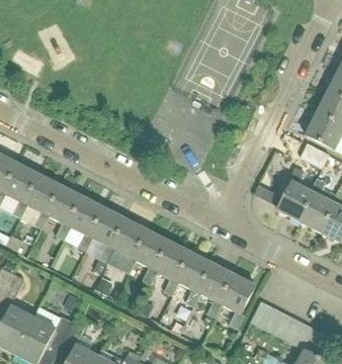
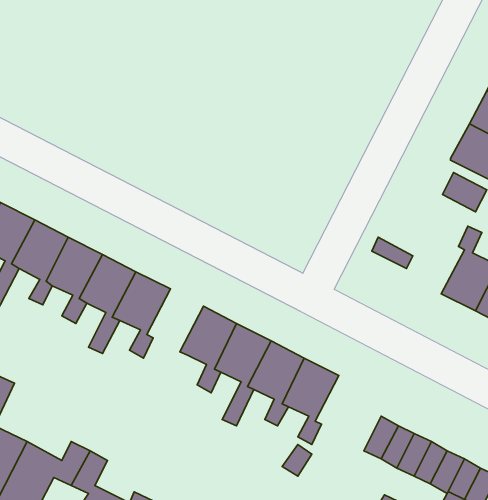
building: [276,166,314,220] -> none
building: [109,217,146,273] -> none
building: [218,273,255,329] -> none

